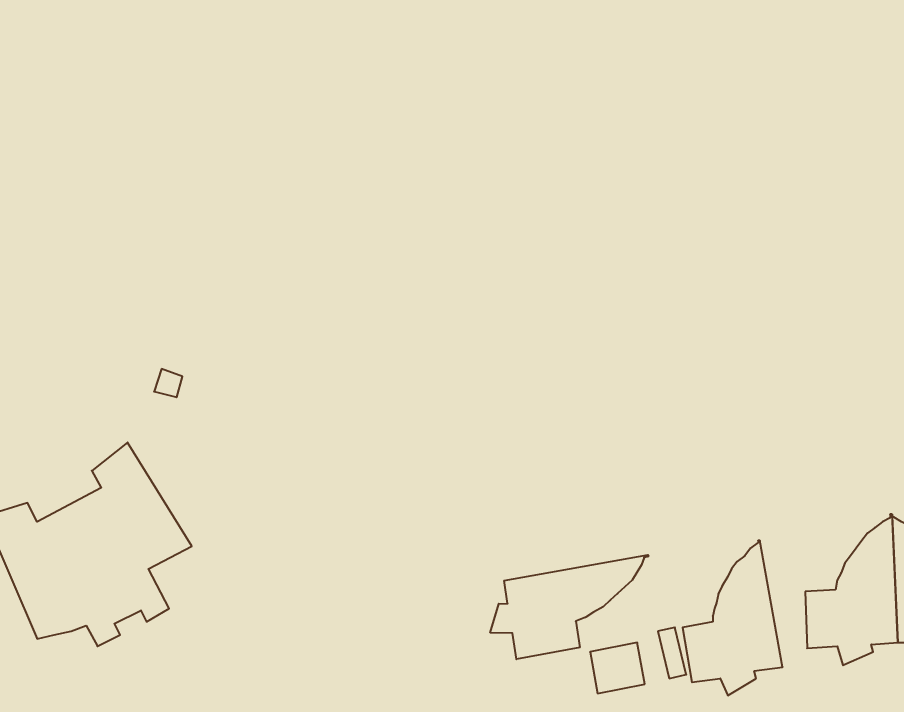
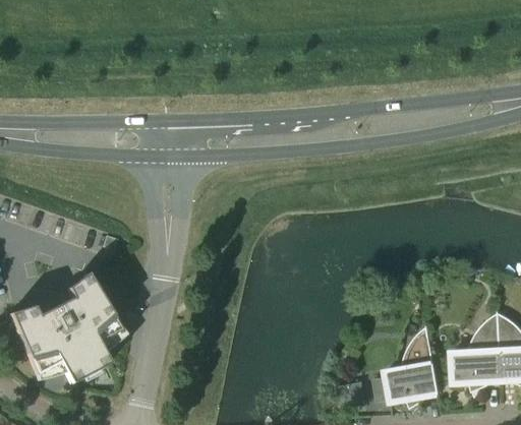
building: [490,555,648,659] -> none

